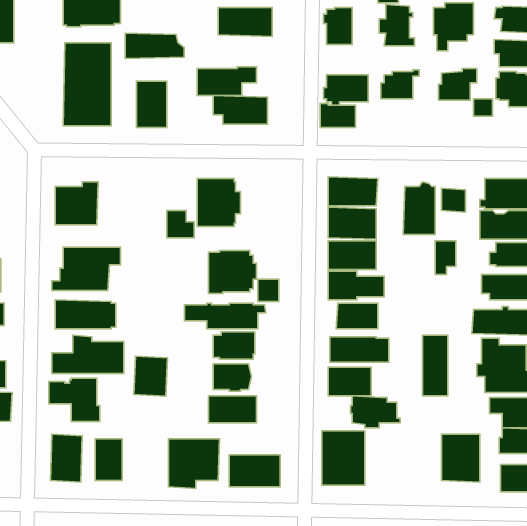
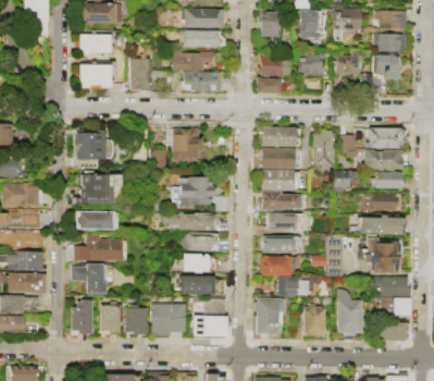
building: [125,33,184,59] -> [187,33,227,50]
building: [134,356,167,396] -> [126,308,149,335]
building: none -> [306,308,328,335]

